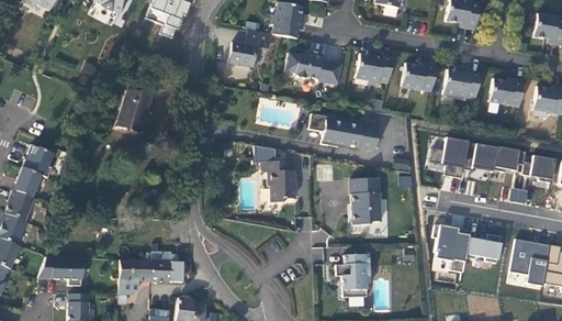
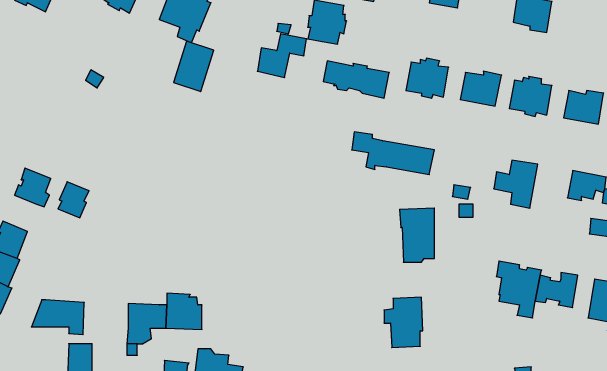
building: [117,89,151,132] -> [174,41,214,92]
building: [463,142,497,171] -> none
building: [255,145,297,202] -> none
building: [15,167,42,198] -> [58,182,89,218]

